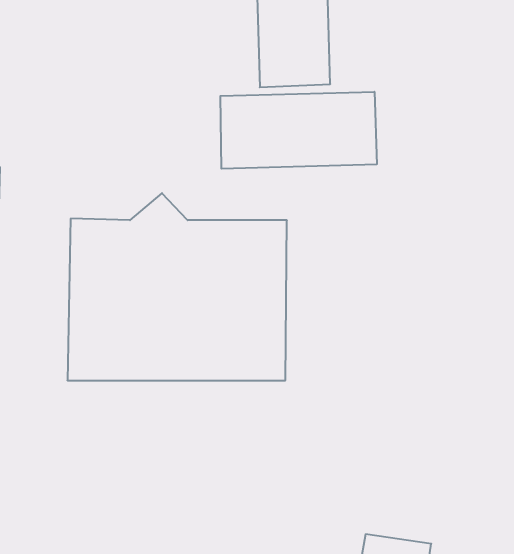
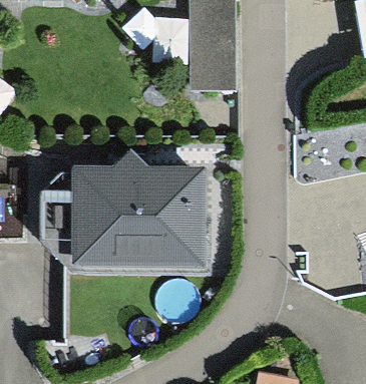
building: [220,92,377,169] -> none

